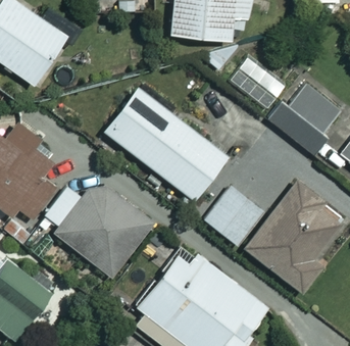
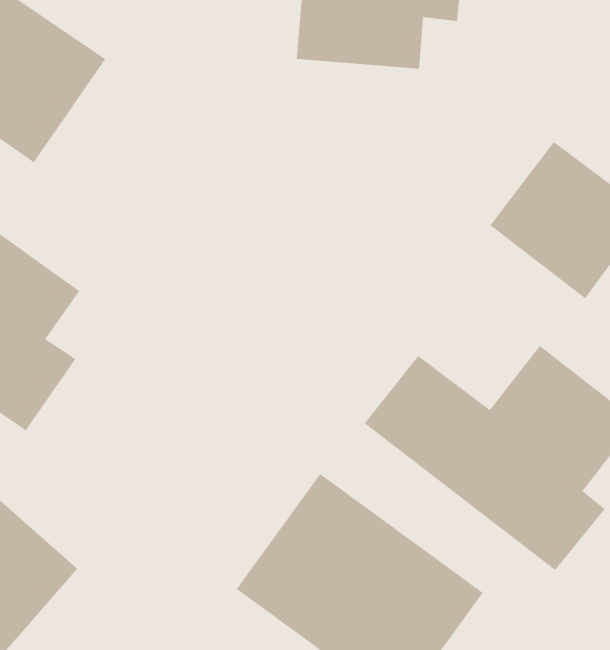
building: [223,55,281,109] -> none
building: [106,88,227,201] -> none
building: [52,183,151,278] -> none

